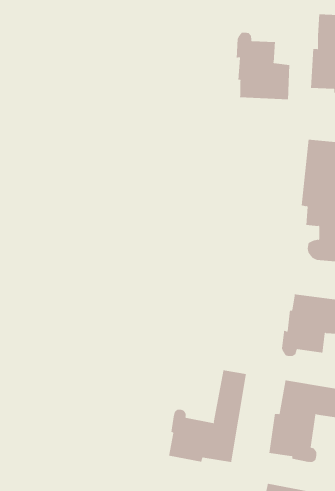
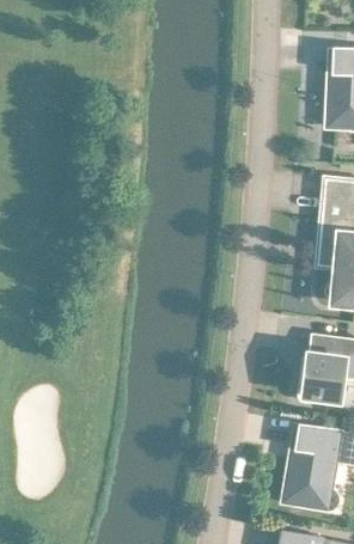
building: [236,32,290,100] -> none
building: [168,369,247,463] -> none

